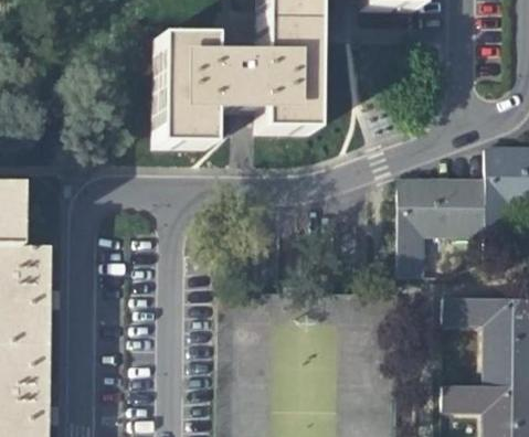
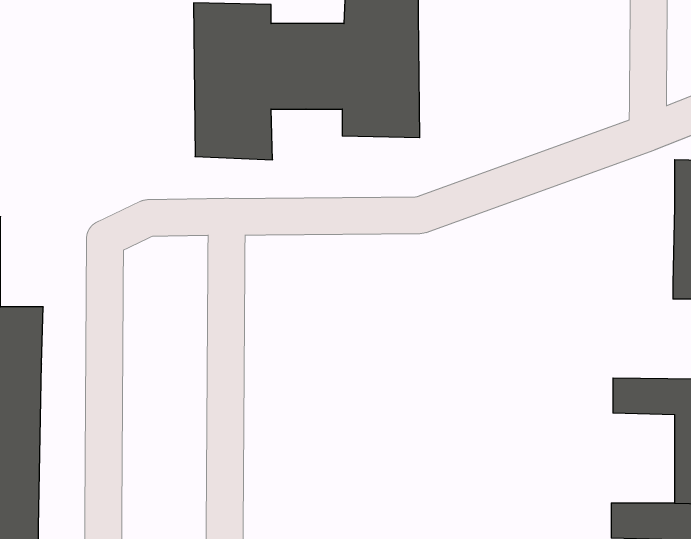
building: [399,178,488,276] -> none

